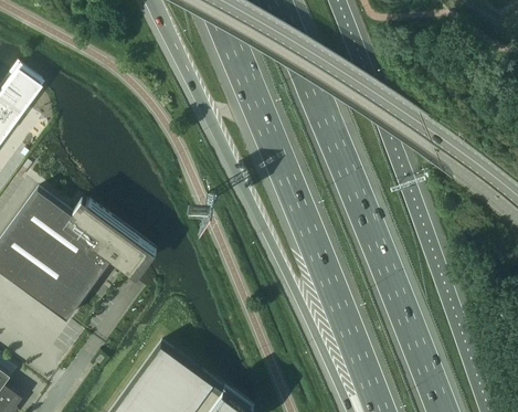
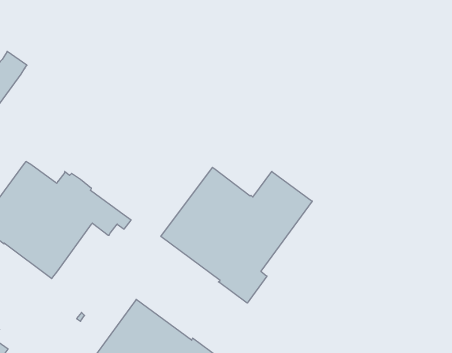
building: none -> [161,167,312,303]

